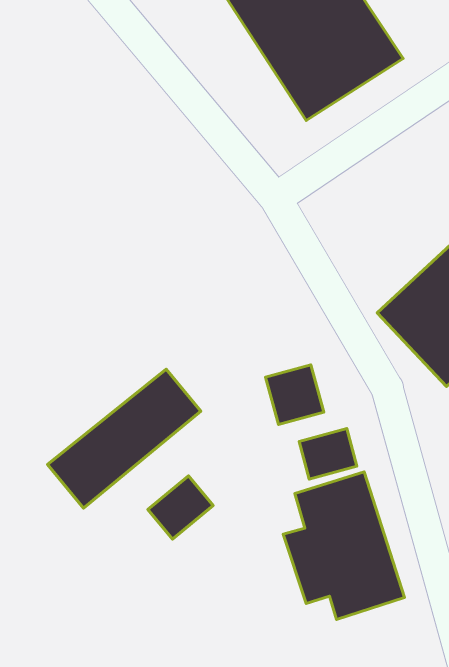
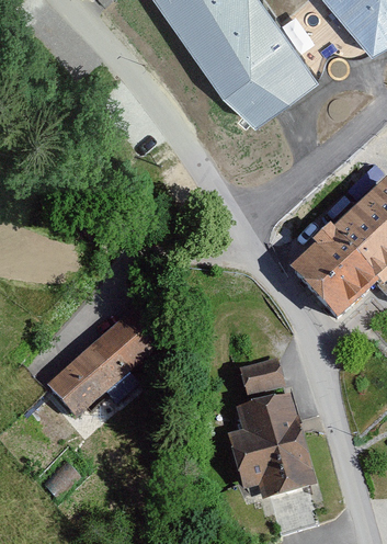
building: [266,365,324,424] -> none
building: [148,476,213,539] -> none

